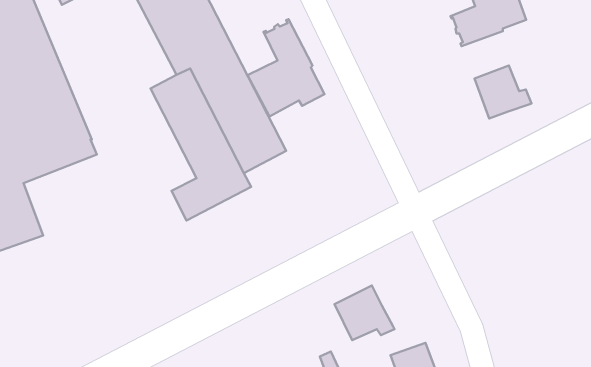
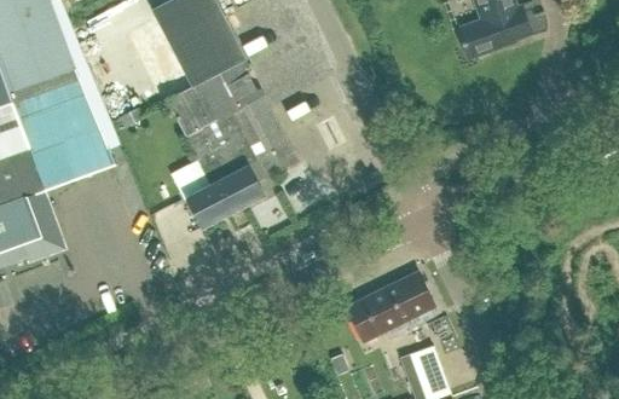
building: [247,19,325,116] -> none
building: [475,66,531,118] -> none
building: none -> [382,271,435,331]

